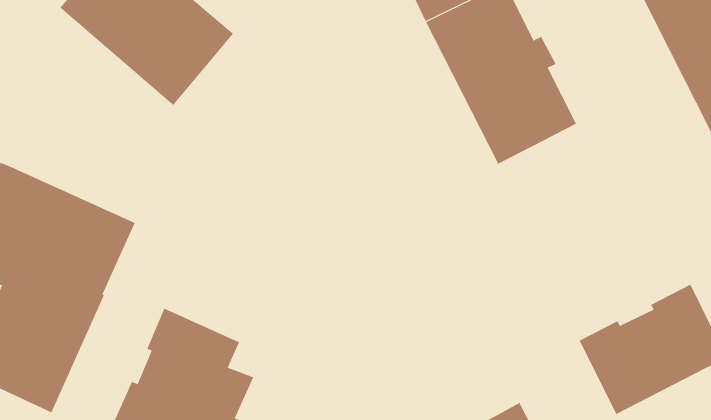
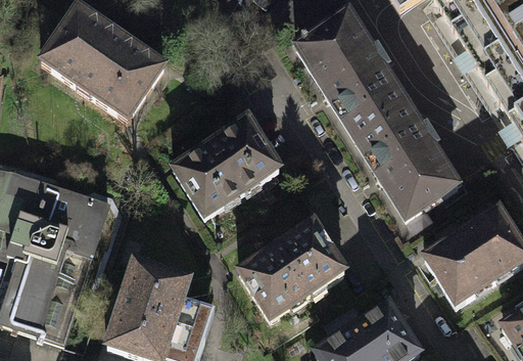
building: none -> [174,119,279,215]
building: none -> [356,103,459,216]
building: none -> [239,221,344,317]

